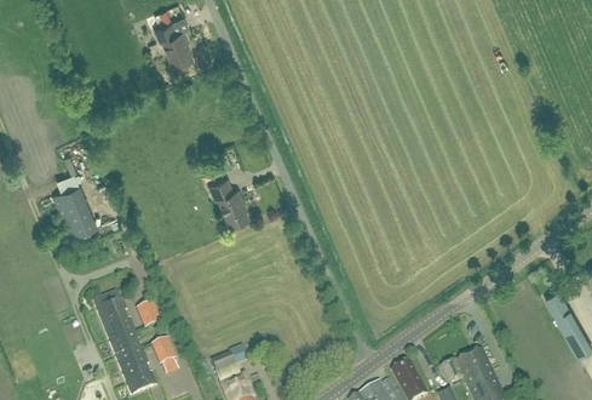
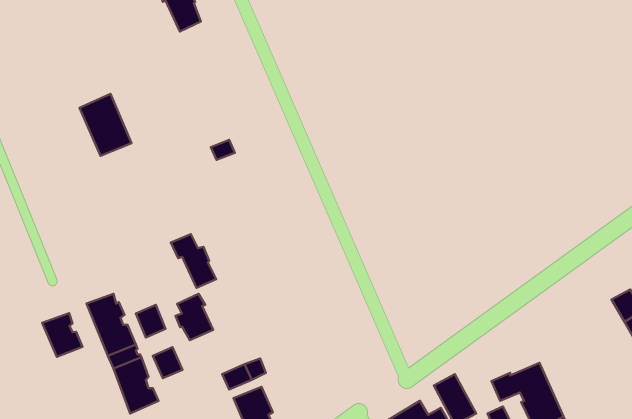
building: [208,175,247,221] -> [171,234,216,288]
building: [51,178,96,232] -> [79,94,132,156]
building: none -> [176,294,213,340]
building: none -> [42,313,83,357]

